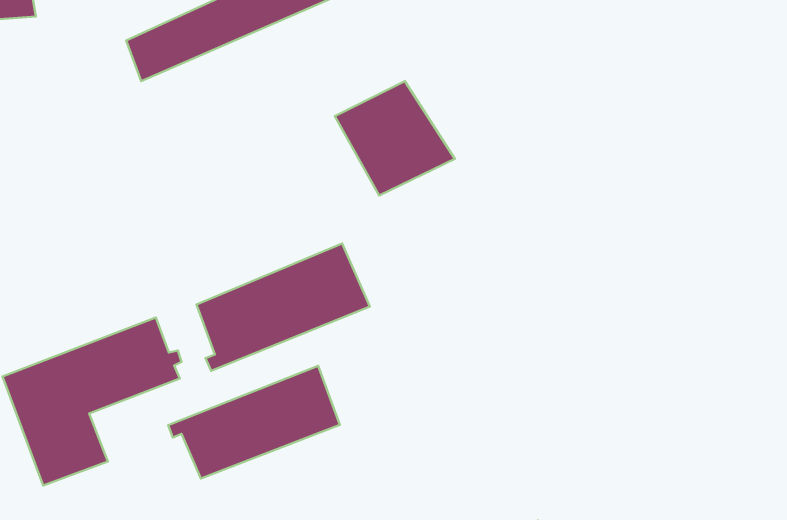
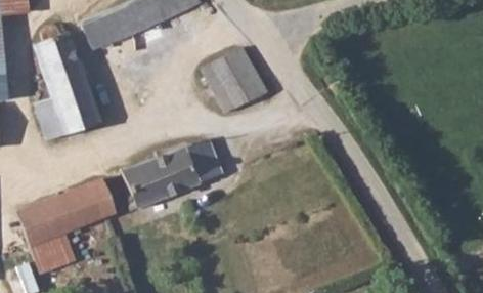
building: none -> [32,26,97,139]
building: [168,366,340,479] -> none

